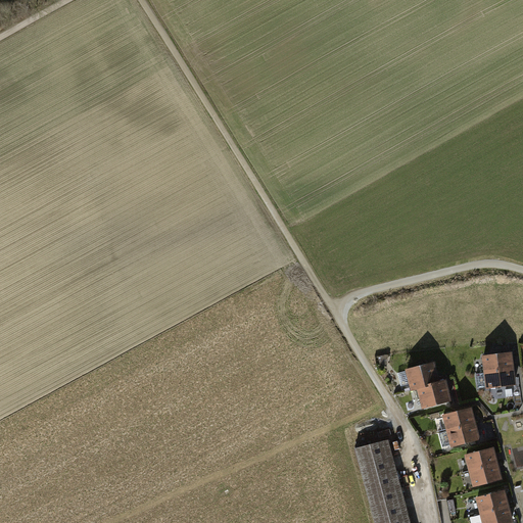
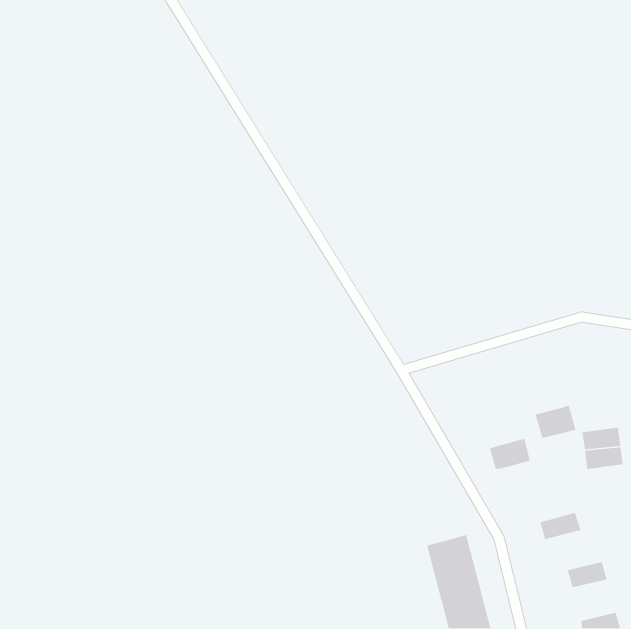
building: [416,380,450,409] -> [534,404,576,439]
building: [441,407,476,432] -> none
building: [465,447,498,472] -> none
building: [476,490,510,514] -> none

